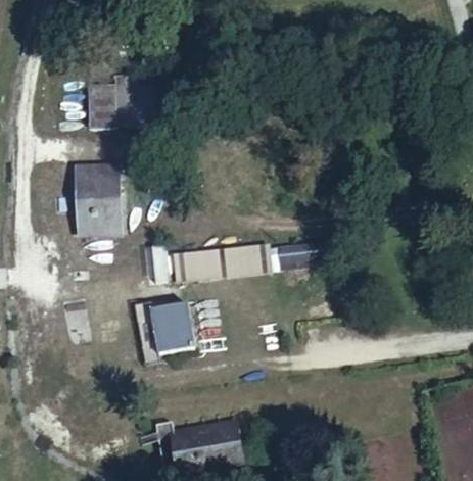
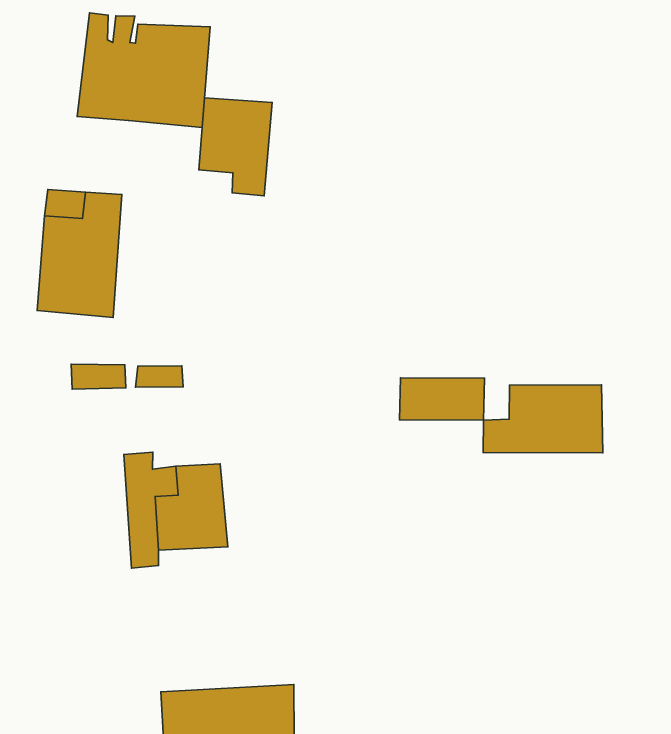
building: none -> [199,98,272,196]
building: none -> [483,385,603,453]
building: [173,245,269,280] -> none

